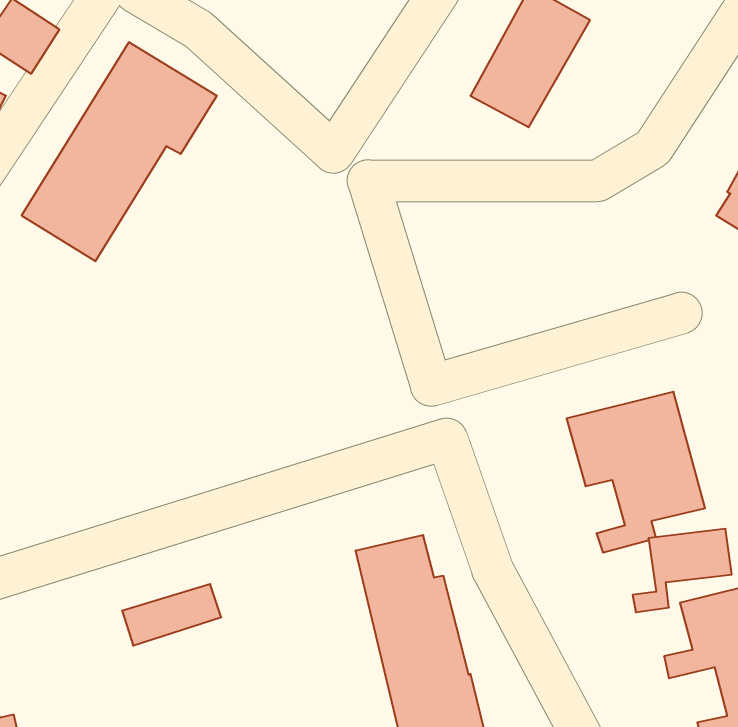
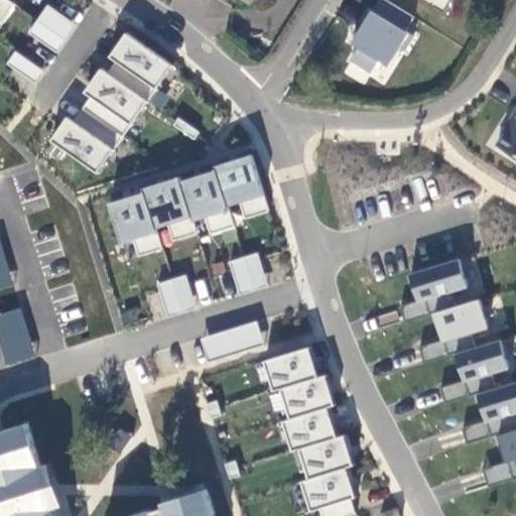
building: none -> [105,158,268,256]
building: none -> [228,252,267,294]
building: none -> [157,274,196,315]
building: [122,584,221,646] -> [200,320,263,360]

